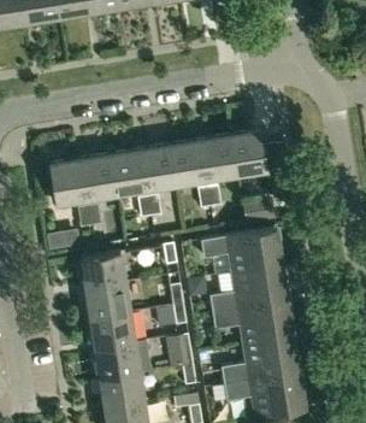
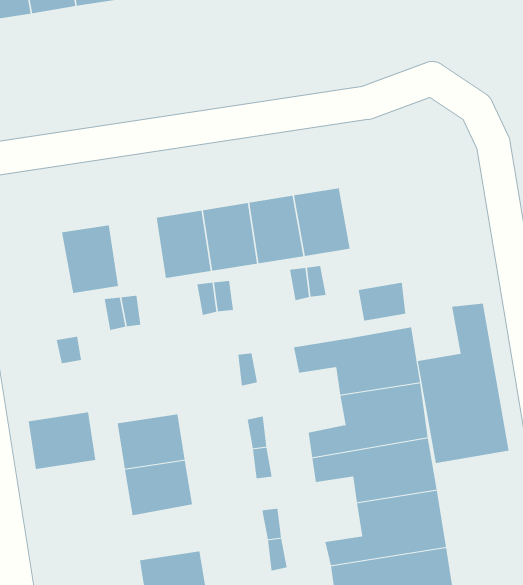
building: [230,131,284,176] -> none
building: [81,155,117,200] -> none
building: none -> [417,303,509,464]
building: [81,252,125,289] -> [28,412,96,469]
building: [95,342,140,378] -> none

